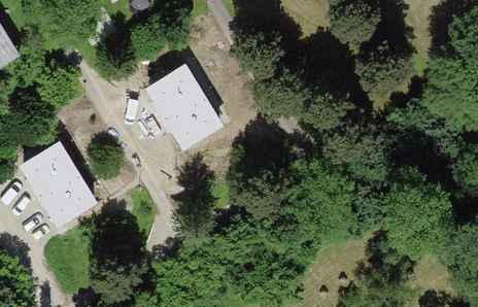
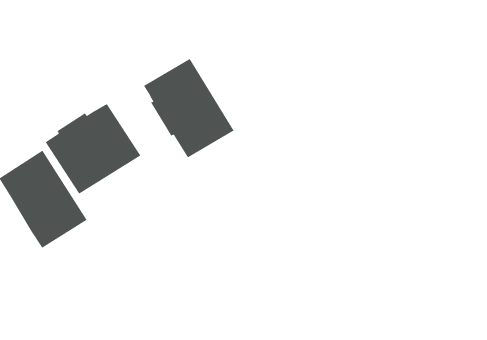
building: none -> [45,103,141,195]

